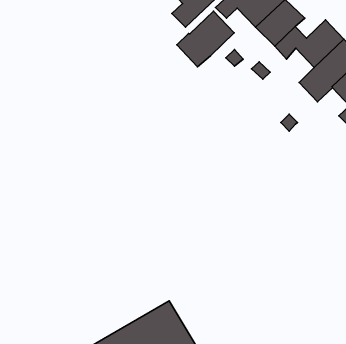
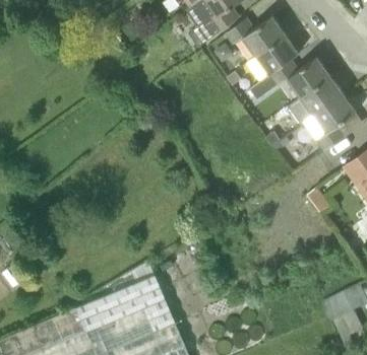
building: [177,11,234,67] -> none

